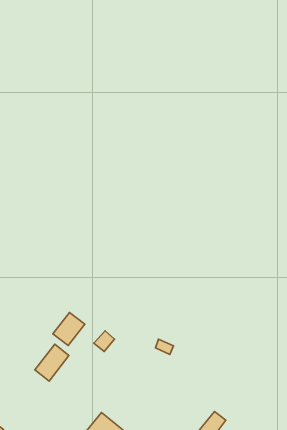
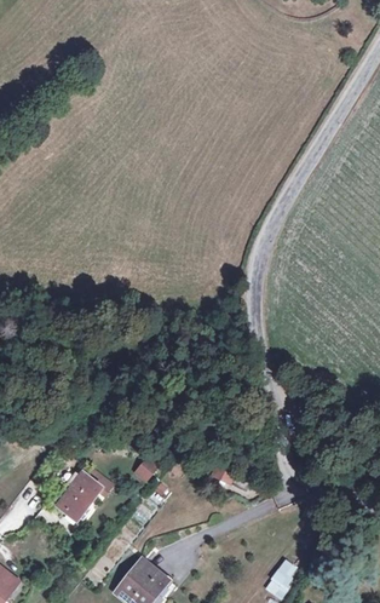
building: [53,313,85,346] -> none

